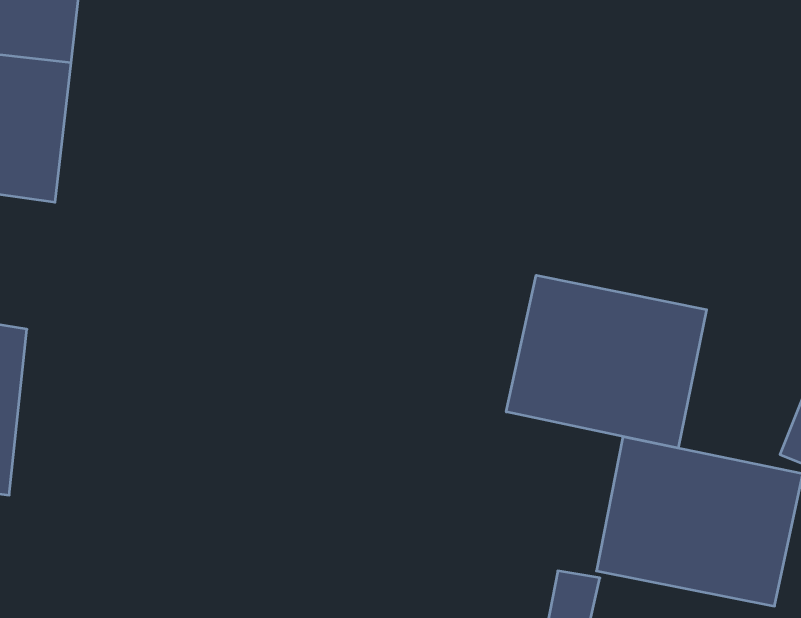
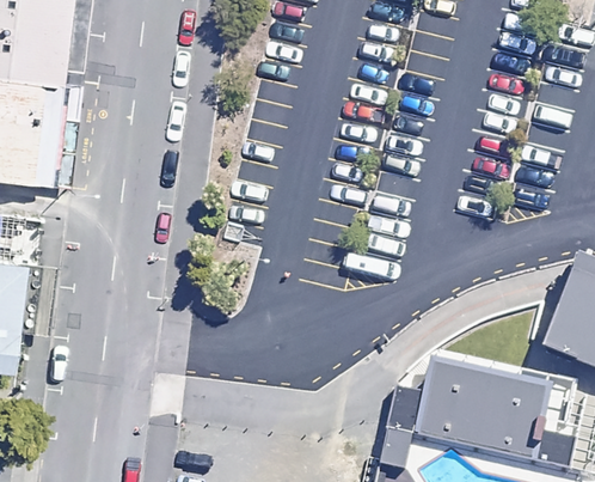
building: [506,275,707,448] -> none

